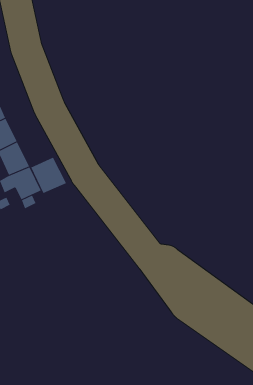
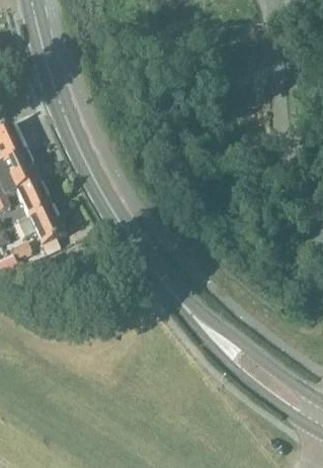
building: [31,157,67,194] -> none

